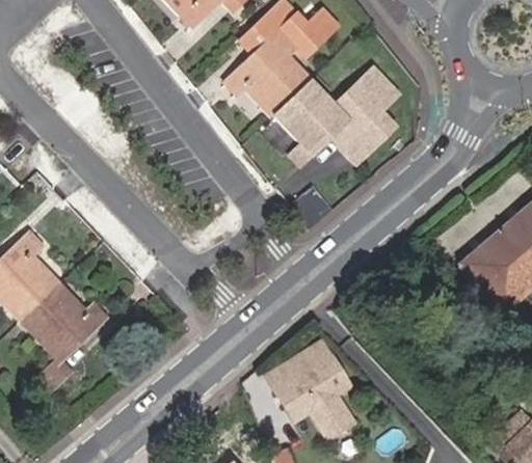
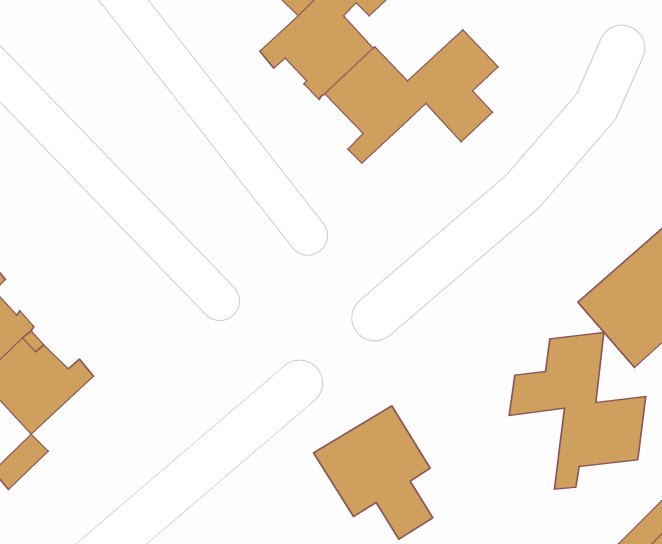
building: [330,119,373,162] -> none
building: none -> [509,332,646,489]

